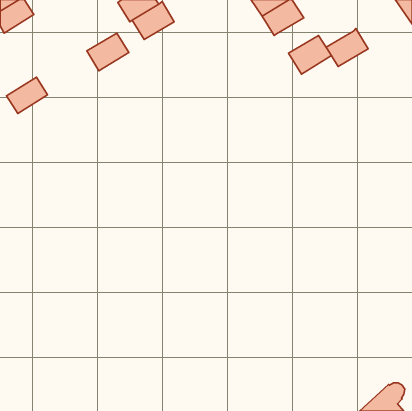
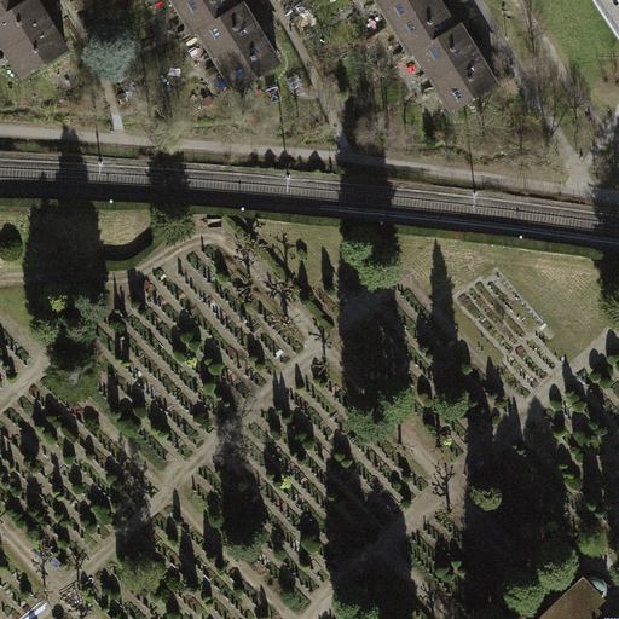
building: [326,29,368,67] -> [415,23,478,80]
building: [87,33,129,71] -> [216,33,279,89]
building: [7,77,48,114] -> [6,22,68,76]

